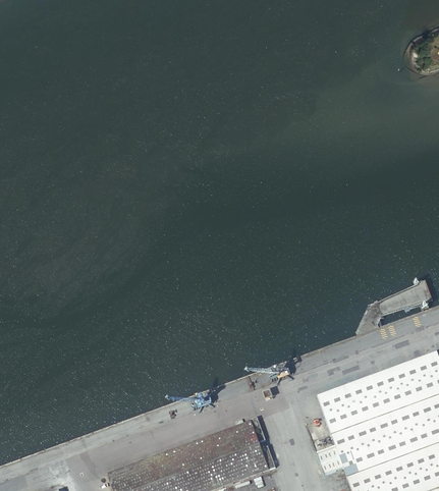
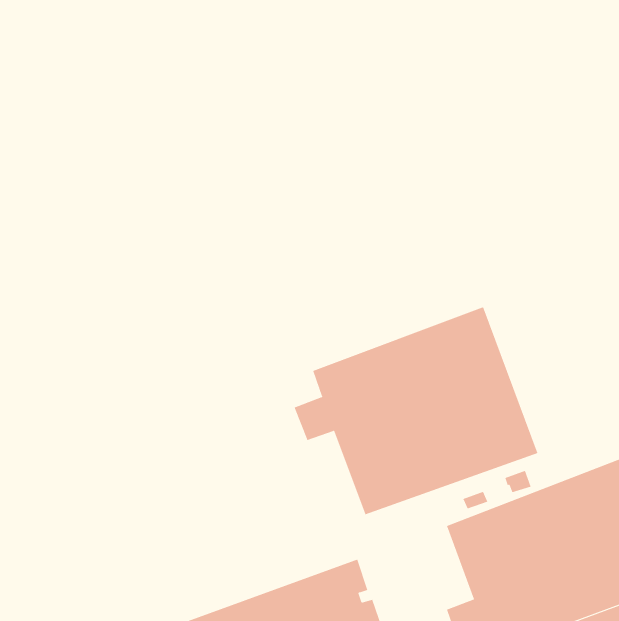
building: none -> [294,306,538,515]

